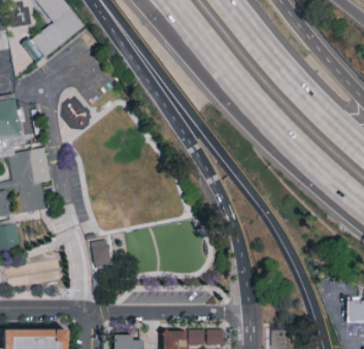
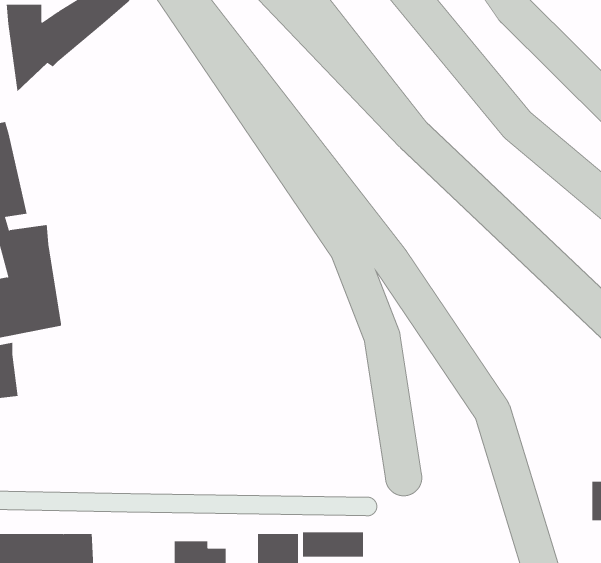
building: [92,237,110,264] -> none

